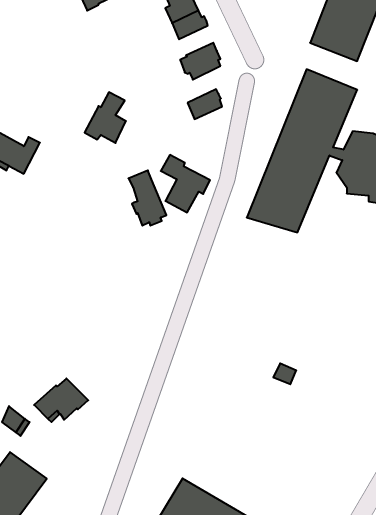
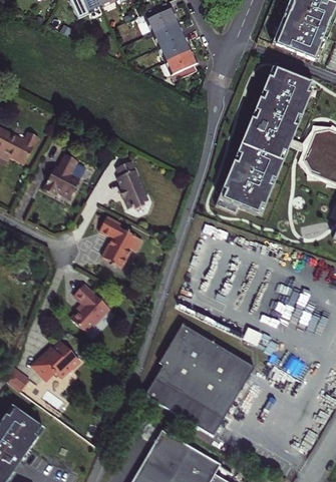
building: [188,89,222,119] -> [158,33,189,59]
building: [85,92,126,143] -> [42,152,78,196]
building: [161,155,210,212] -> [97,215,140,266]
building: none -> [70,284,108,332]
building: none -> [143,321,253,433]

